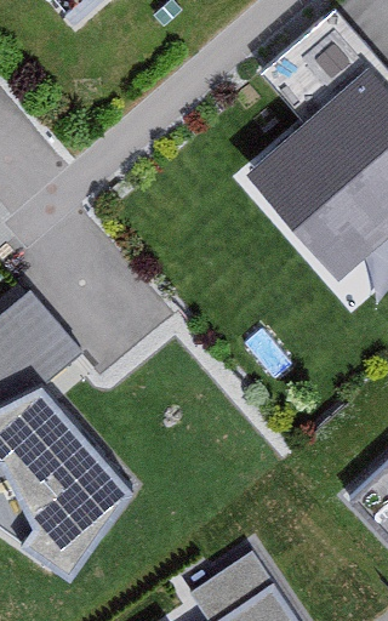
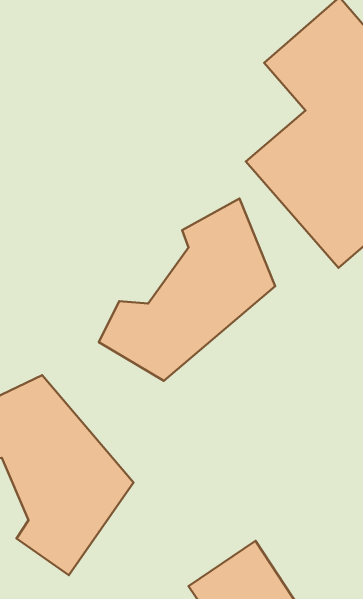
building: none -> [99,199,275,381]

